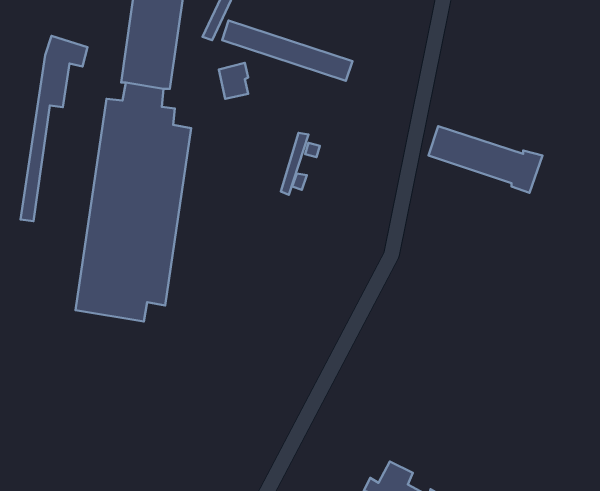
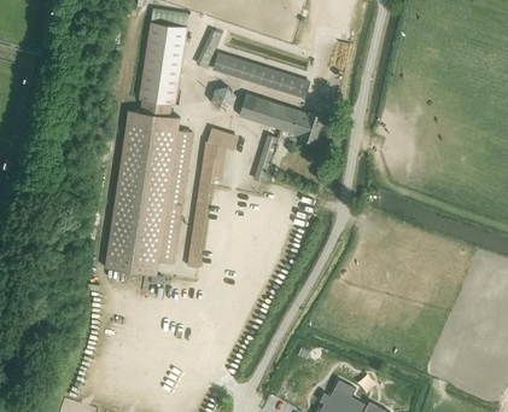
building: [21,36,87,221] -> [188,130,238,268]
building: [428,126,543,193] -> [239,94,323,144]

